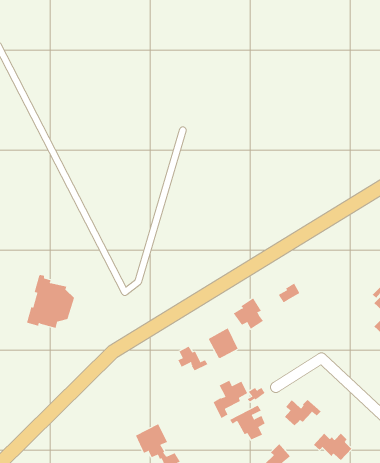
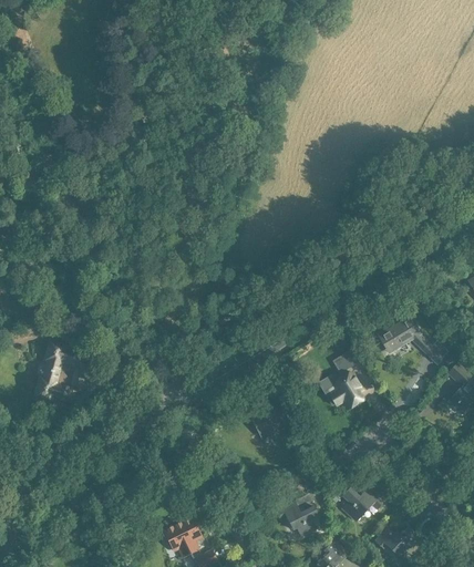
building: none -> [382,316,449,364]
building: [233,298,264,329] -> [327,372,363,410]
building: [178,346,208,371] -> none
building: [213,380,248,419] -> none

